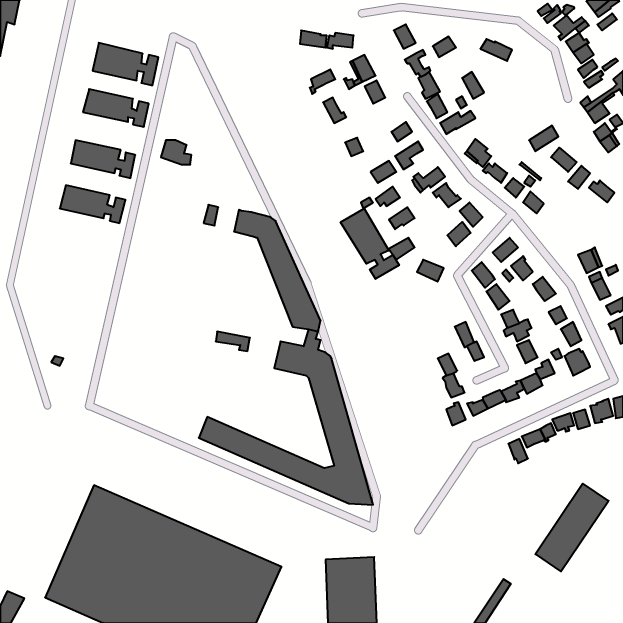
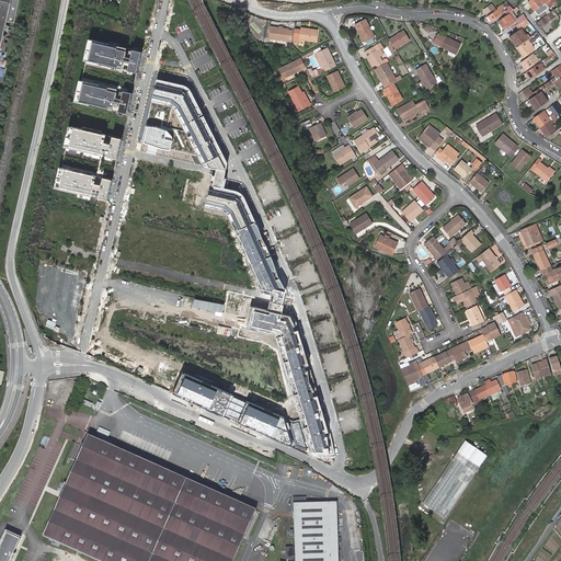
building: none -> [157,83,232,191]
building: [341,209,399,279] -> none
building: [535,484,609,571] -> [422,439,488,518]

